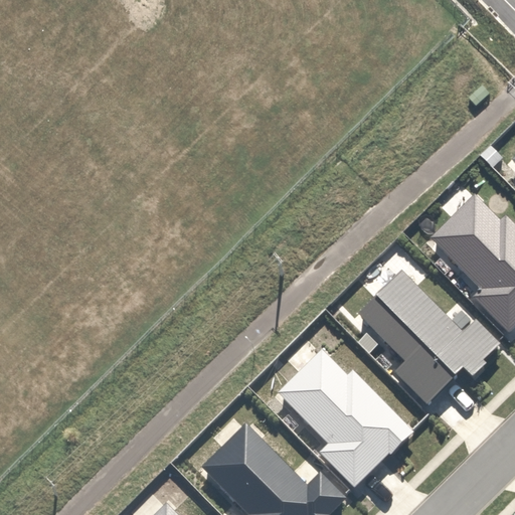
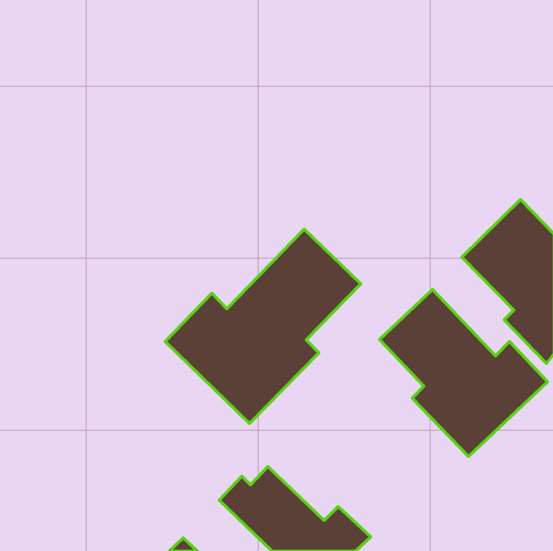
building: none -> [165,229,361,423]
building: [269,341,414,493] -> none

